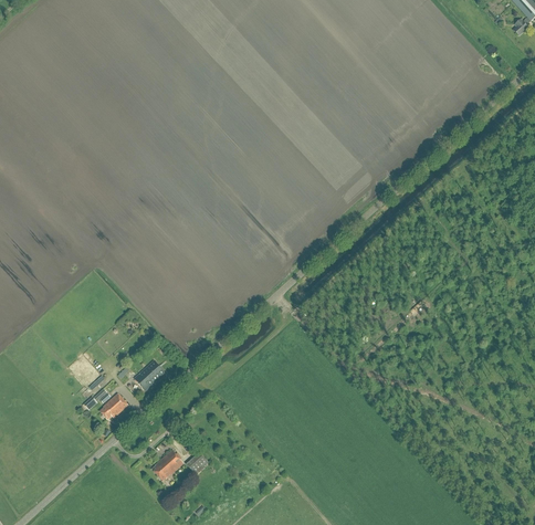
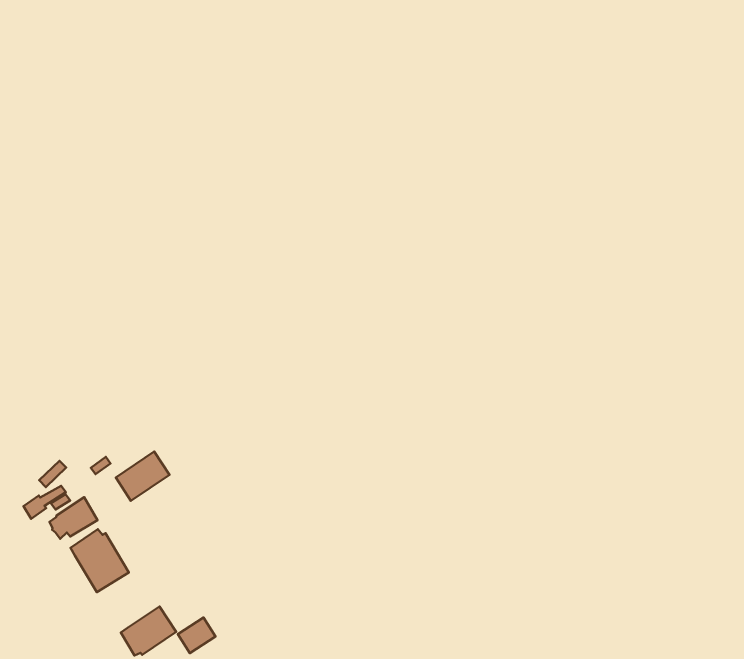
building: none -> [71,529,129,592]

